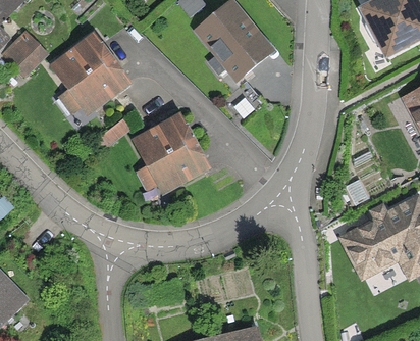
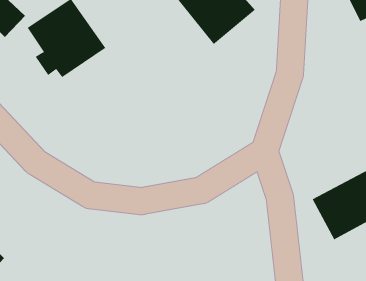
building: [129,113,206,194] -> none

